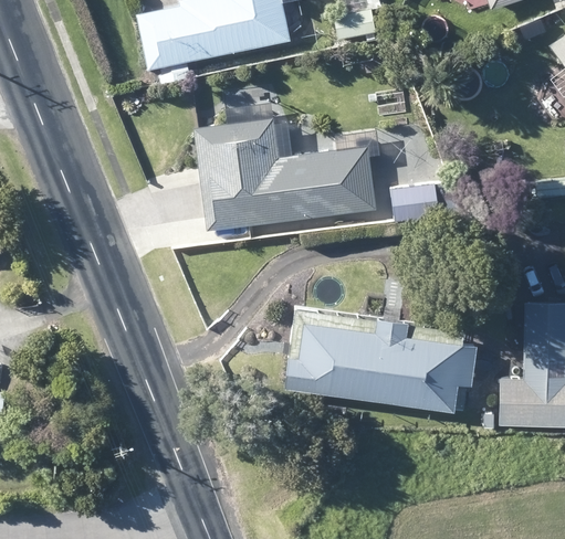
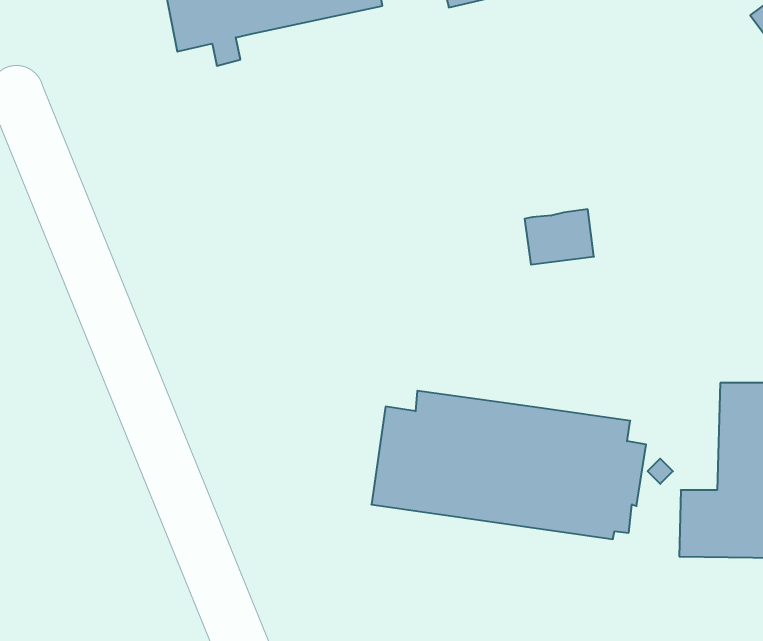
building: [192,103,377,233] -> none

